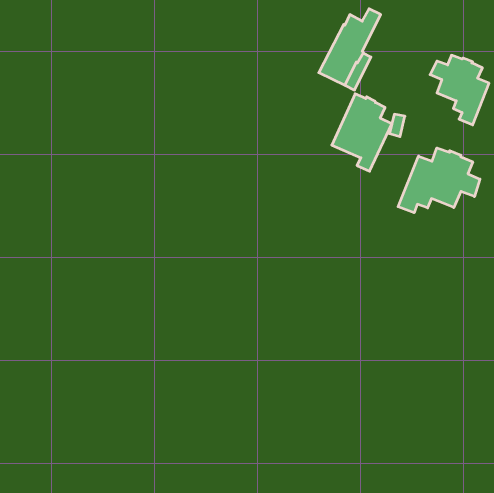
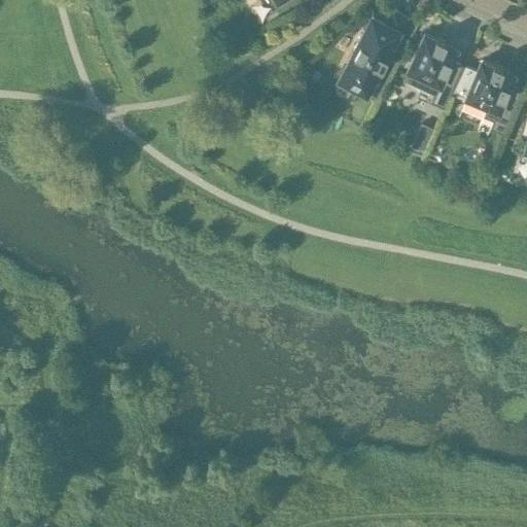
building: [332,94,392,171] -> [398,34,462,116]
building: [398,148,480,213] -> none

